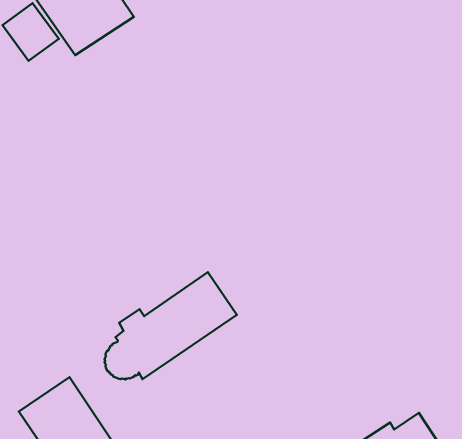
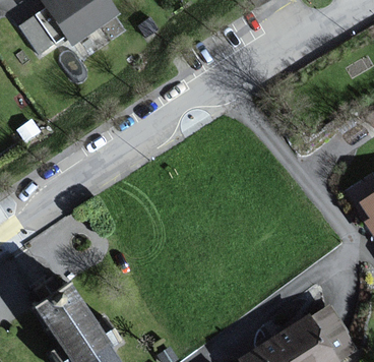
building: [104,272,237,380] -> none

